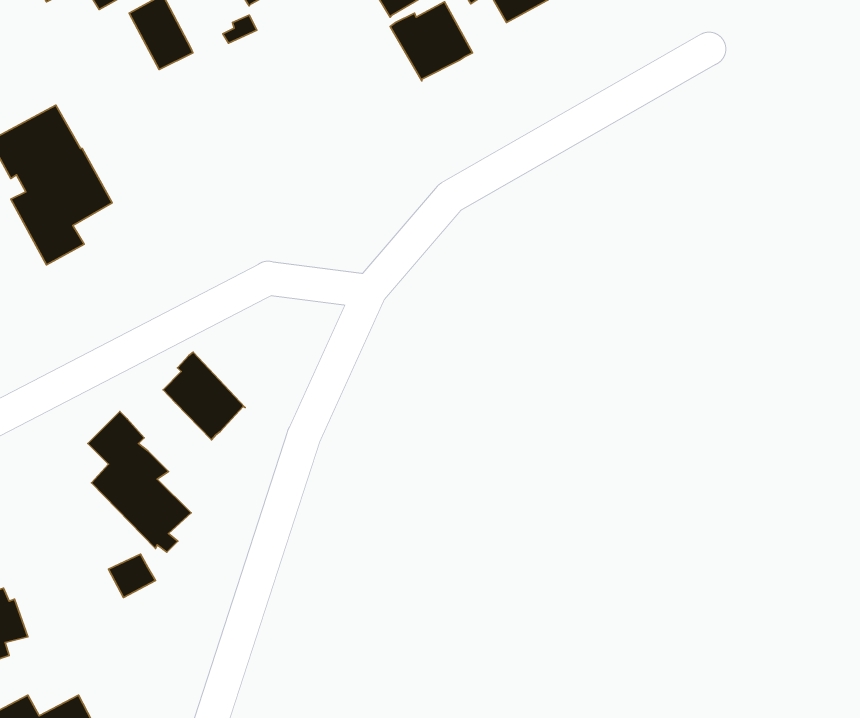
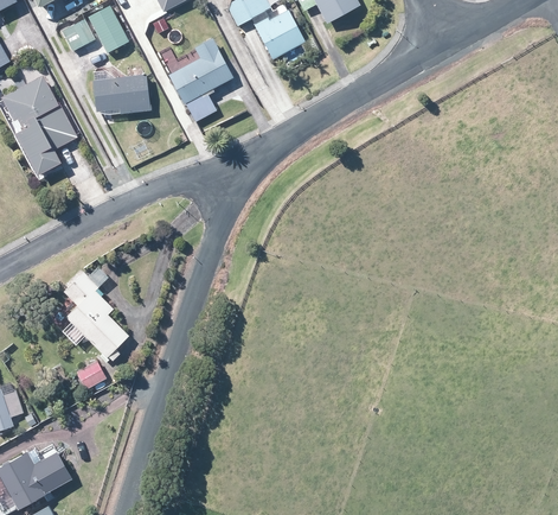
building: none -> [62,19,95,51]
building: none -> [168,39,233,123]
building: none -> [92,75,150,114]
building: [163,352,245,440] -> none

